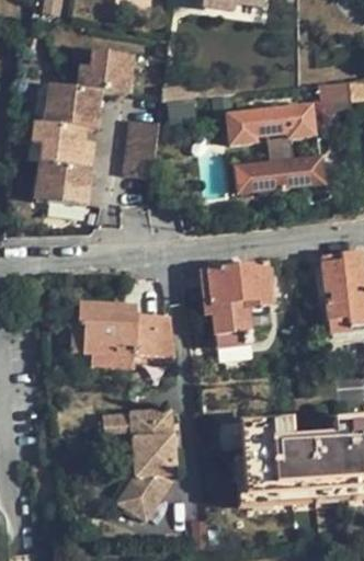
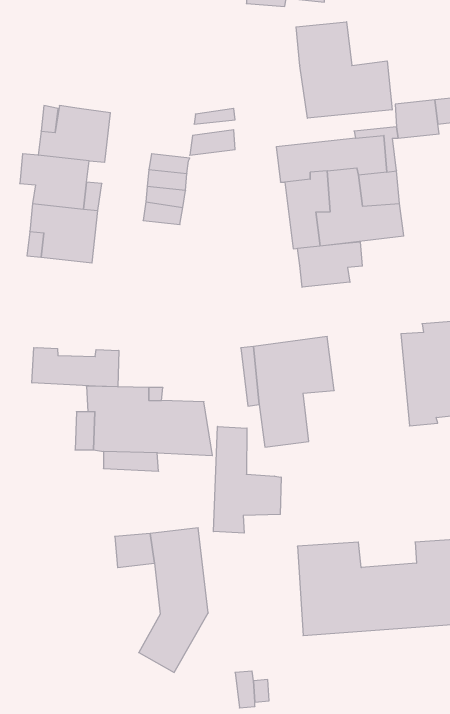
building: none -> [296,22,392,118]
building: [73,50,128,92] -> none
building: none -> [298,242,362,287]
building: none -> [32,348,119,387]
building: none -> [213,426,281,533]

